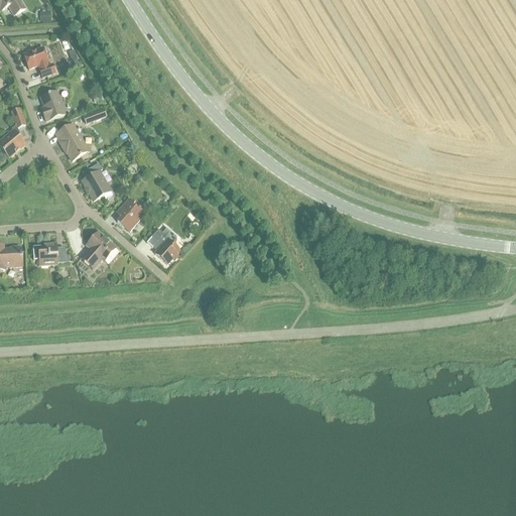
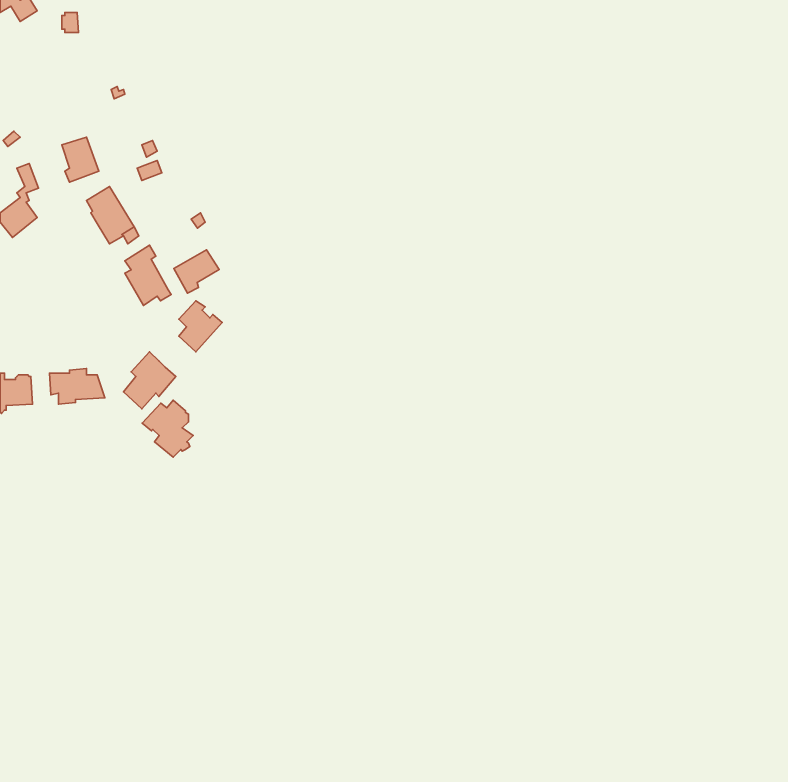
building: [23,45,55,76] -> none
building: none -> [174,250,219,293]
building: [146,225,179,262] -> [142,400,193,457]

